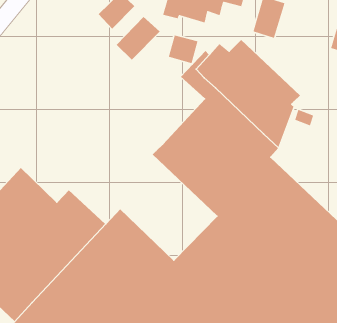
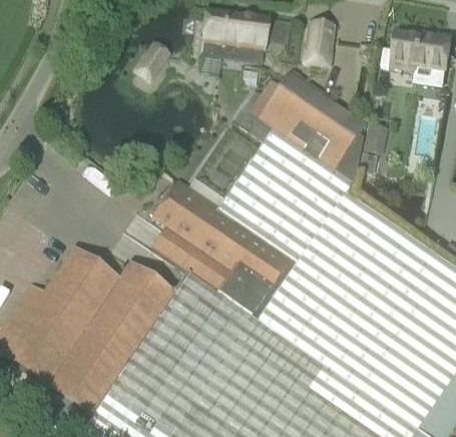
building: [116,16,160,61] -> none
building: [168,35,198,64] -> none
building: none -> [150,178,297,323]

